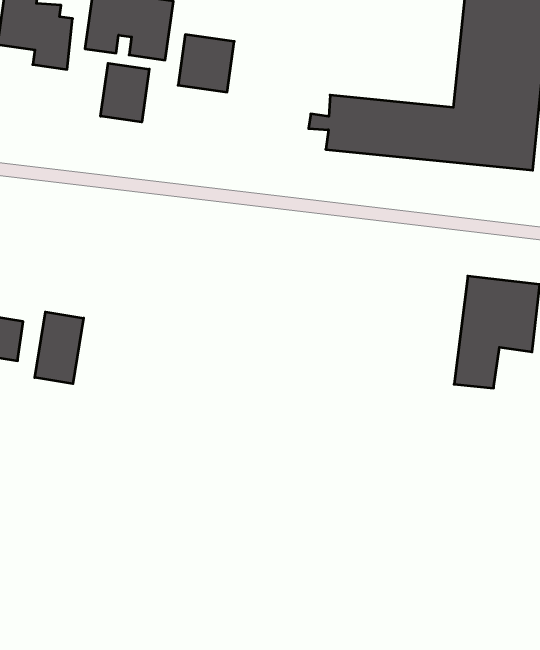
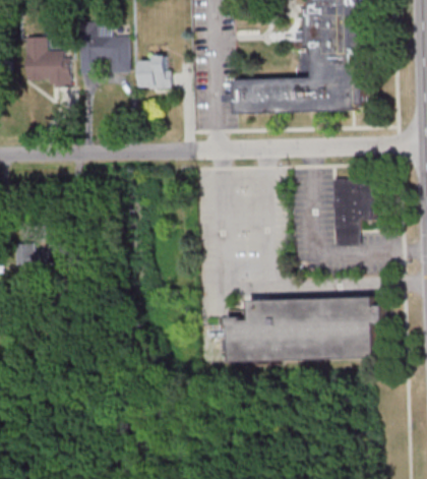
building: [101,63,149,122] -> none
building: [35,312,84,384] -> none
building: none -> [226,297,382,361]

